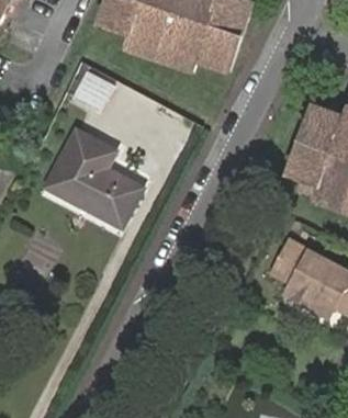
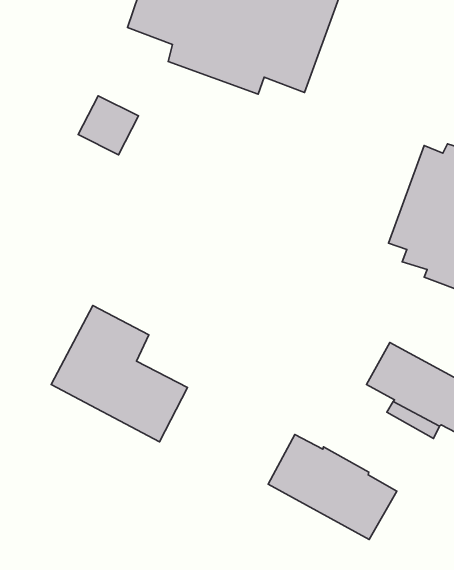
building: [46,129,143,226] -> [51,305,188,442]
building: none -> [268,434,397,539]

